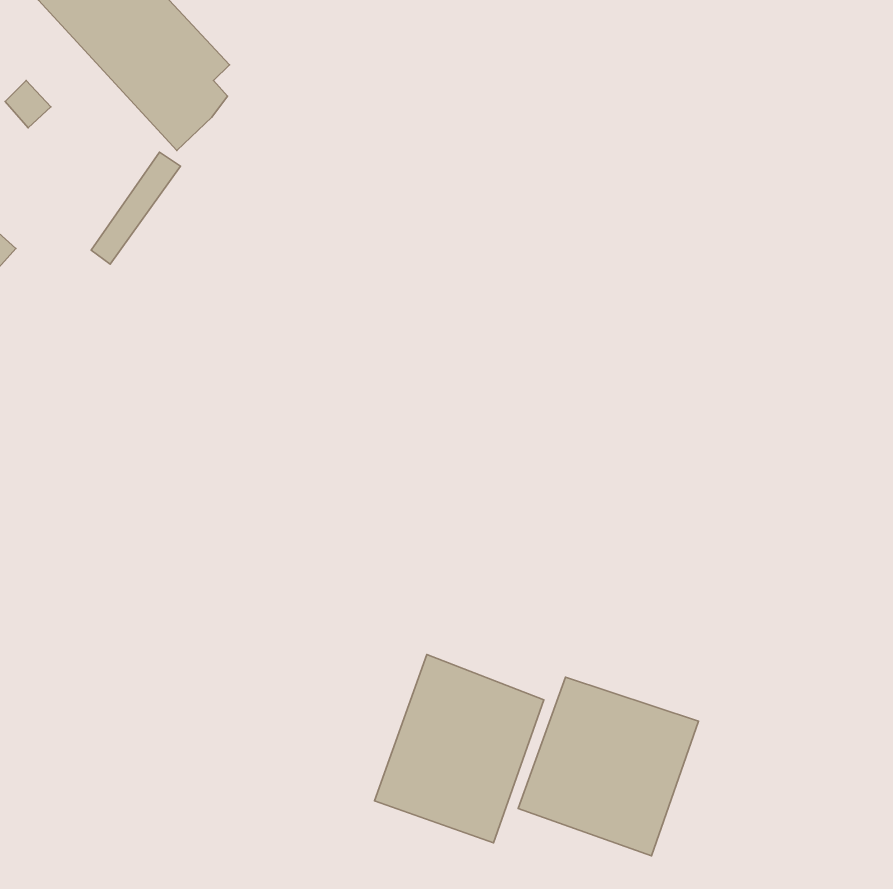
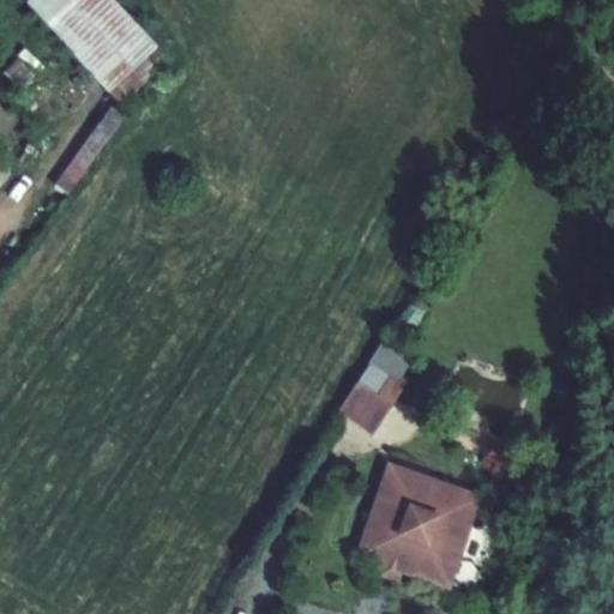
building: none -> [341,338,420,429]
building: [374,655,544,843] -> none

